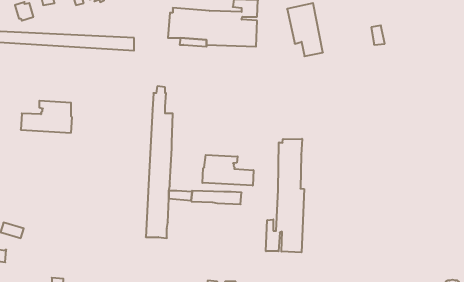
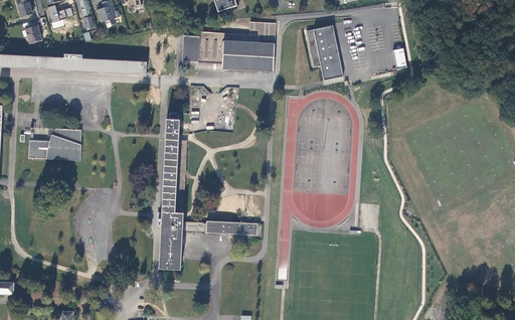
building: [266,139,304,252] -> none
building: [202,155,253,186] -> none

